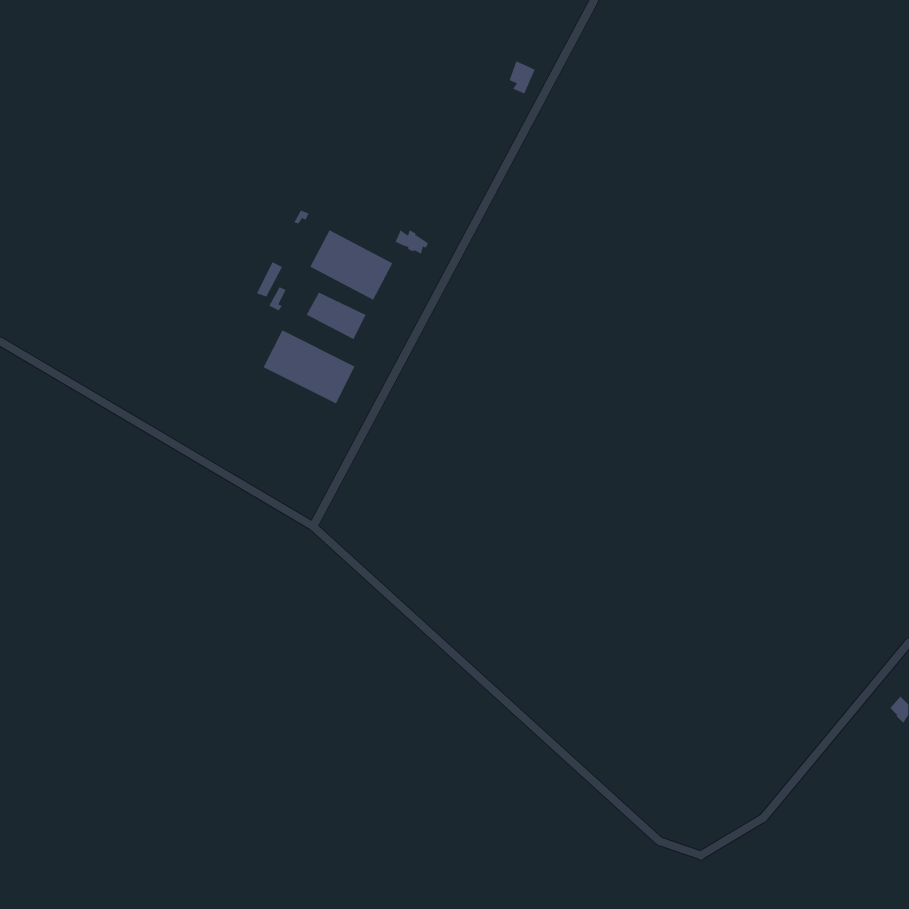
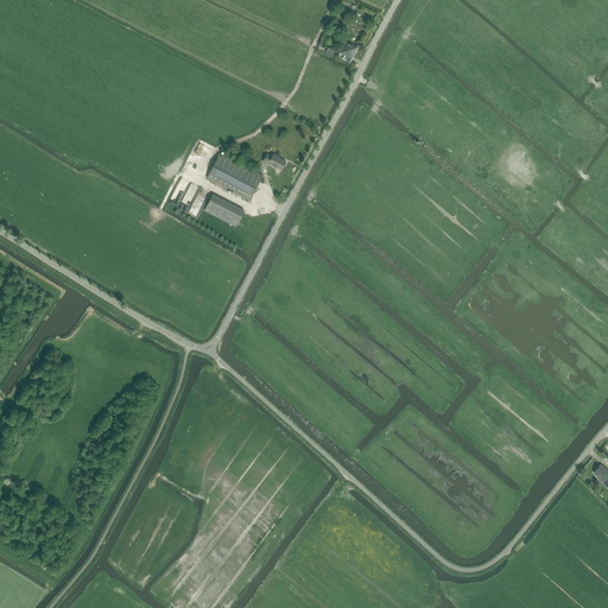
building: [263,329,355,404] -> none

